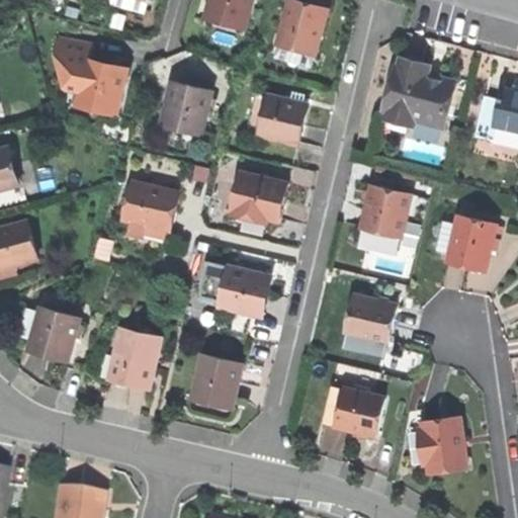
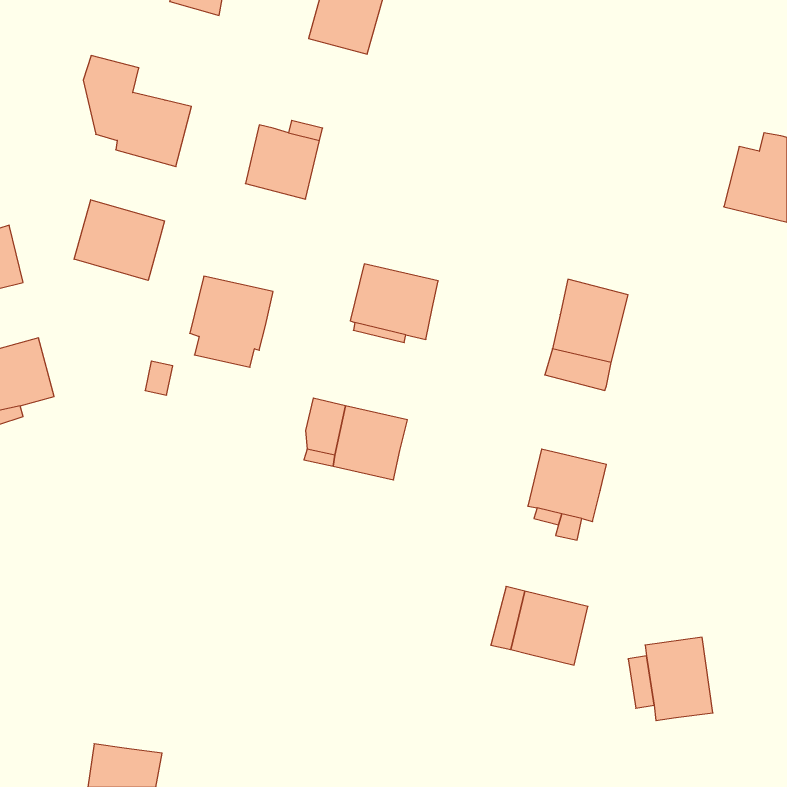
building: [271,4,324,68] -> none
building: [383,59,454,126] -> none
building: [243,93,306,146] -> none
building: none -> [74,200,165,280]
building: [446,214,500,272] -> none
building: [28,308,79,357] -> none
building: [109,332,161,388] -> none
building: [193,353,243,402] -> none

